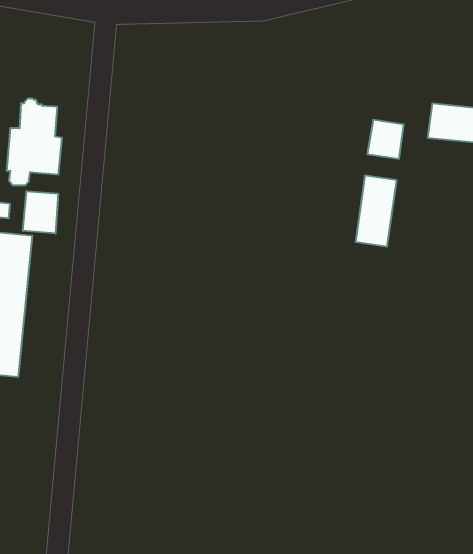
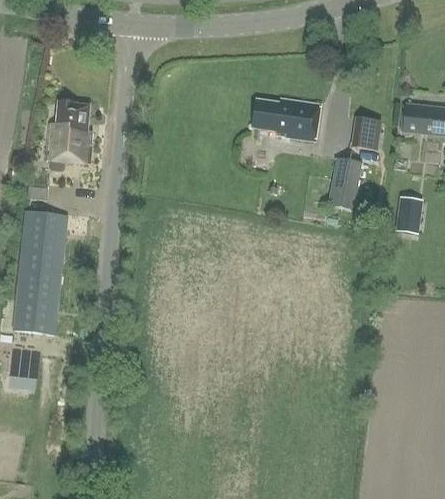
building: none -> [250,98,319,141]
building: [23,191,58,234] -> none
building: none -> [395,196,418,232]

